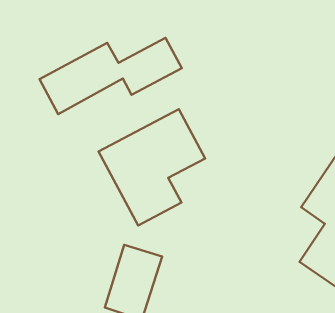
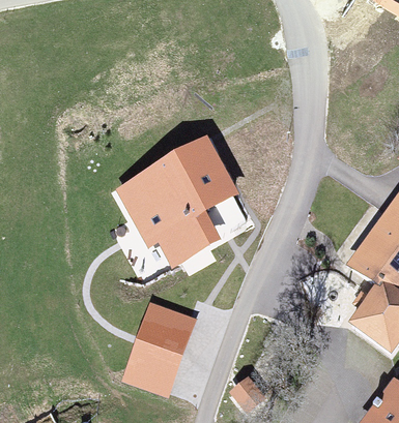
building: [39,38,182,114] -> none

